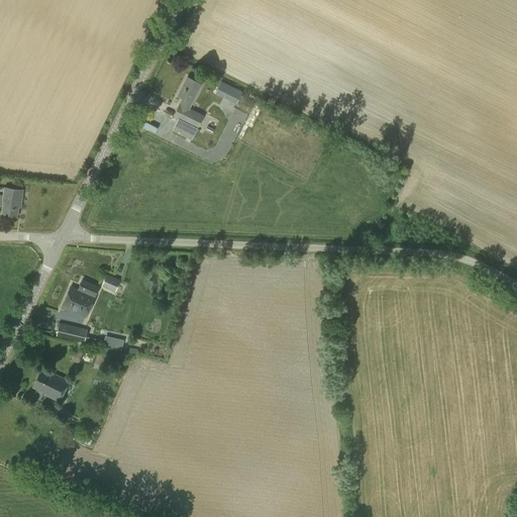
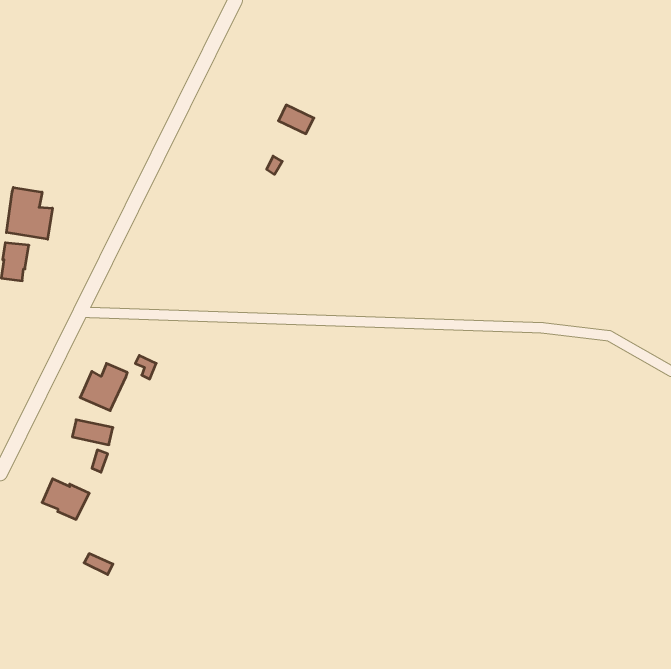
building: [174,78,203,128] -> none
building: none -> [6,187,52,239]

